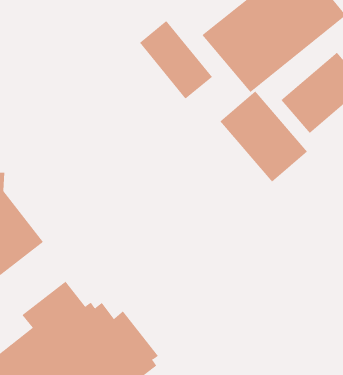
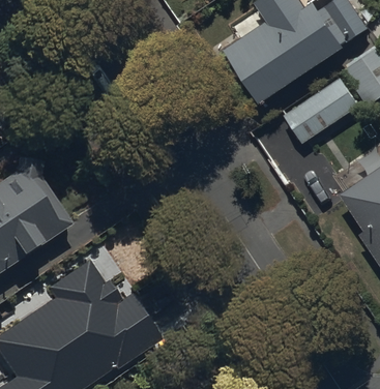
building: [139,20,213,100] -> none
building: [220,91,308,183] -> none

